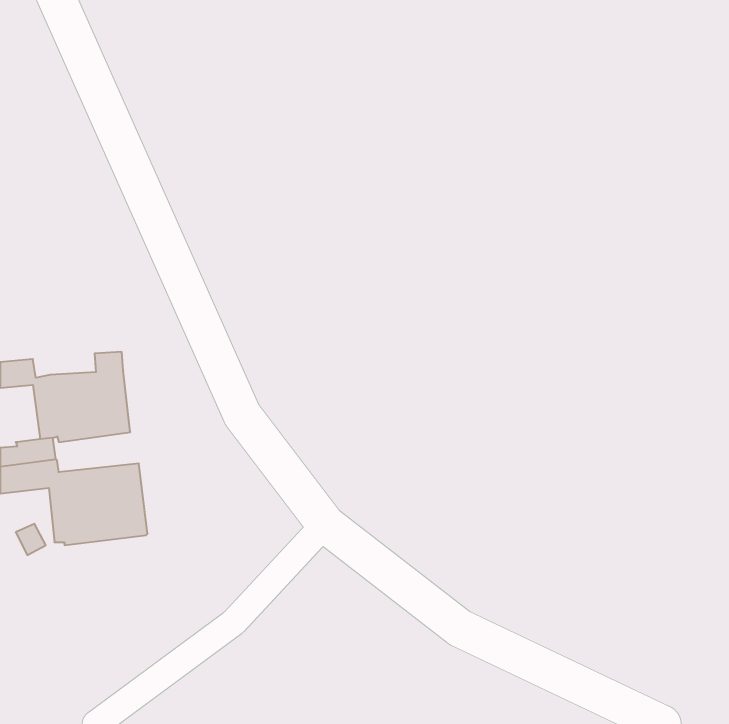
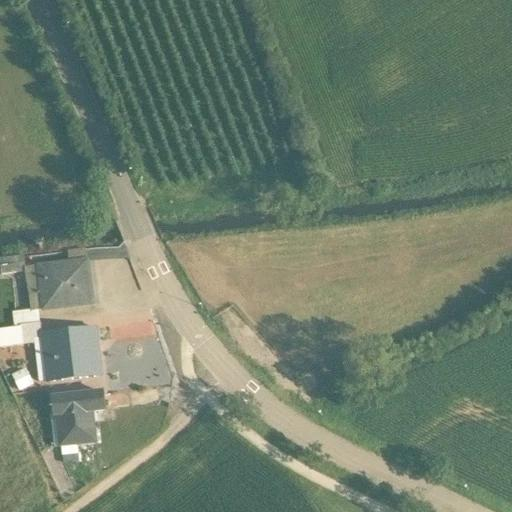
building: none -> [52,389,105,445]

